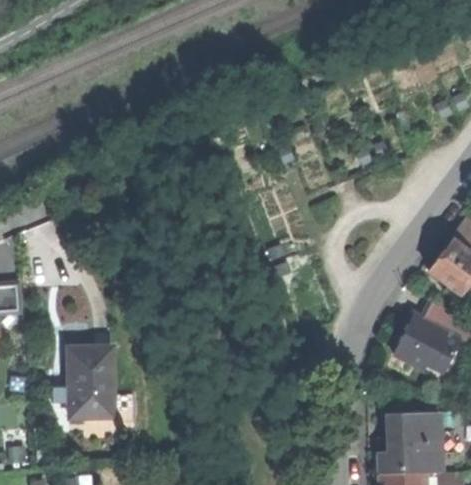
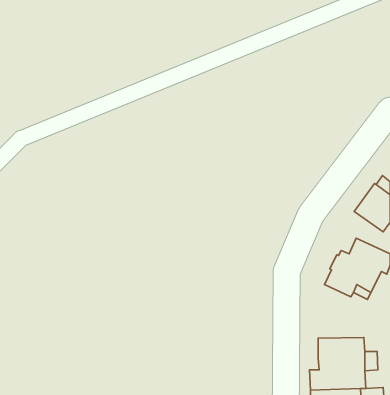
building: [66,349,112,420] -> none

